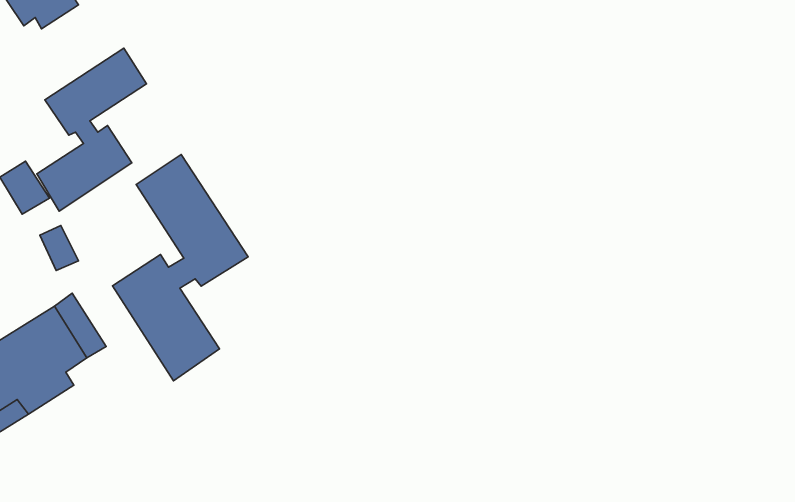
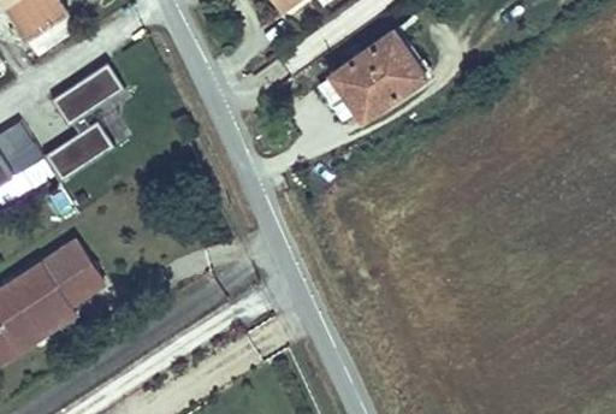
building: none -> [330,35,426,124]
building: [113,154,248,381] -> none

